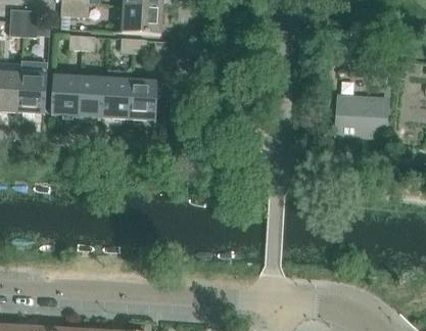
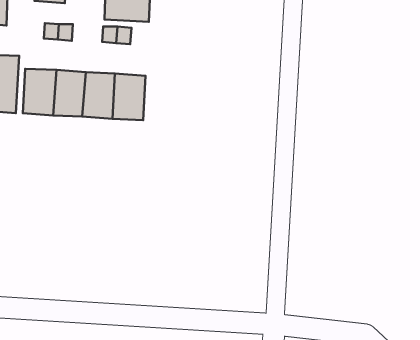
building: [337,98,384,135] -> none

